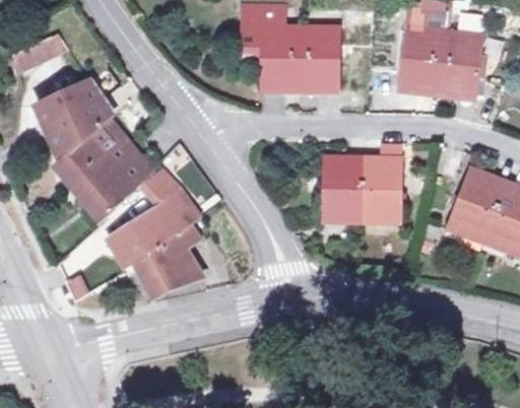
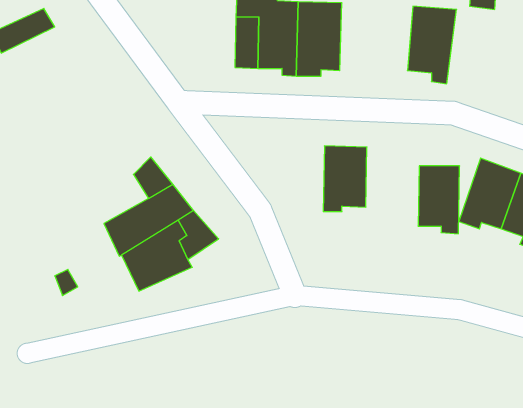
building: [437,31,486,101] -> none
building: [38,81,151,213] -> none
building: [362,159,400,222] -> [418,166,460,234]

